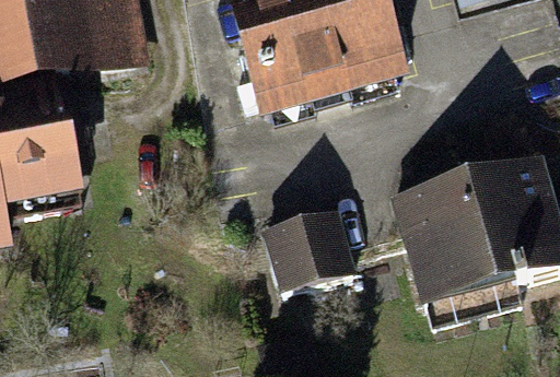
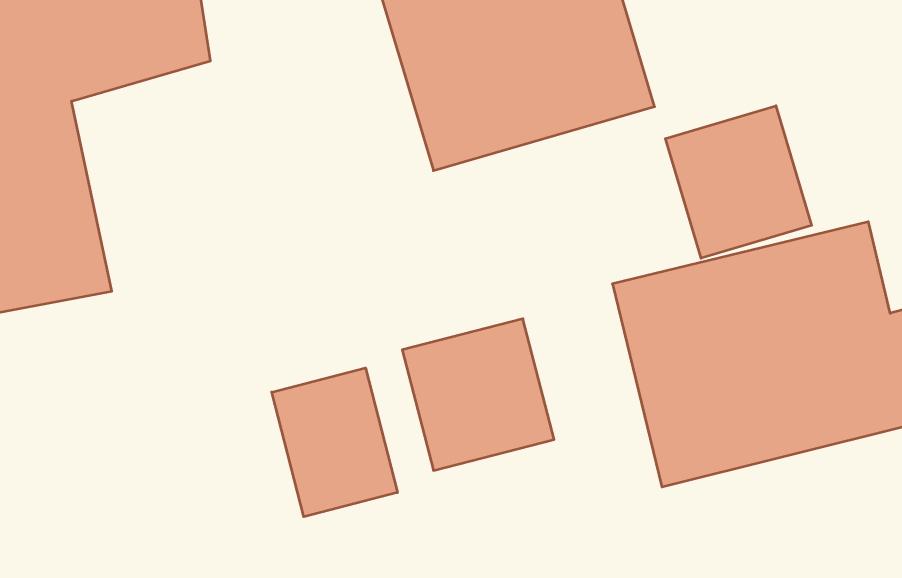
building: none -> [665,106,812,258]
building: none -> [272,368,397,517]

